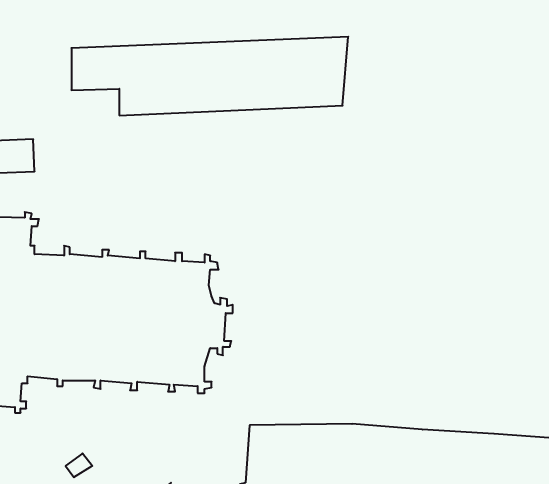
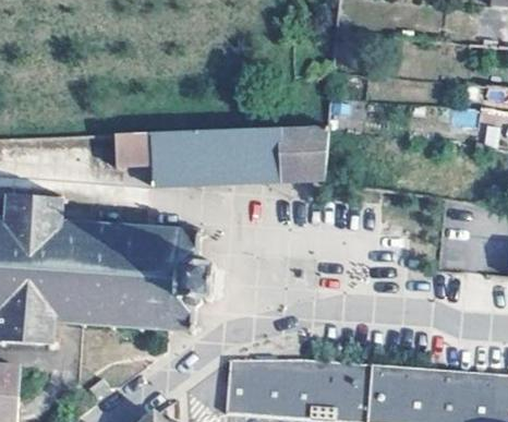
building: [71,37,348,115] -> [114,125,329,186]

